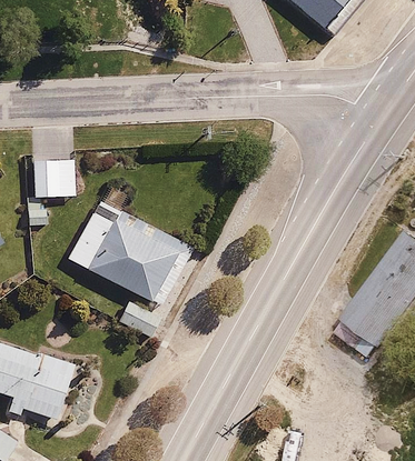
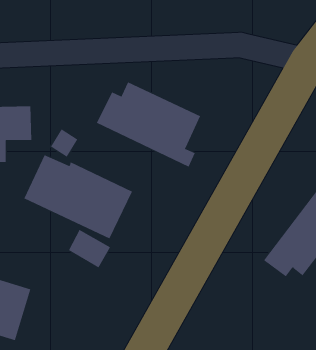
building: none -> [96,81,201,167]

